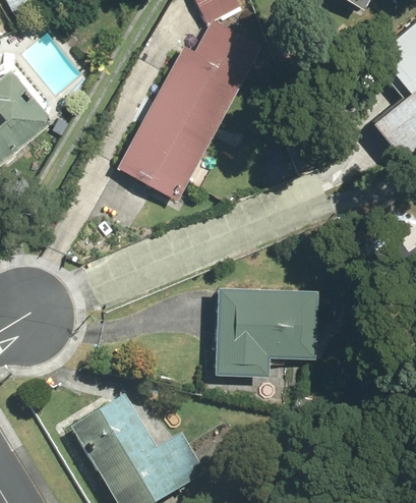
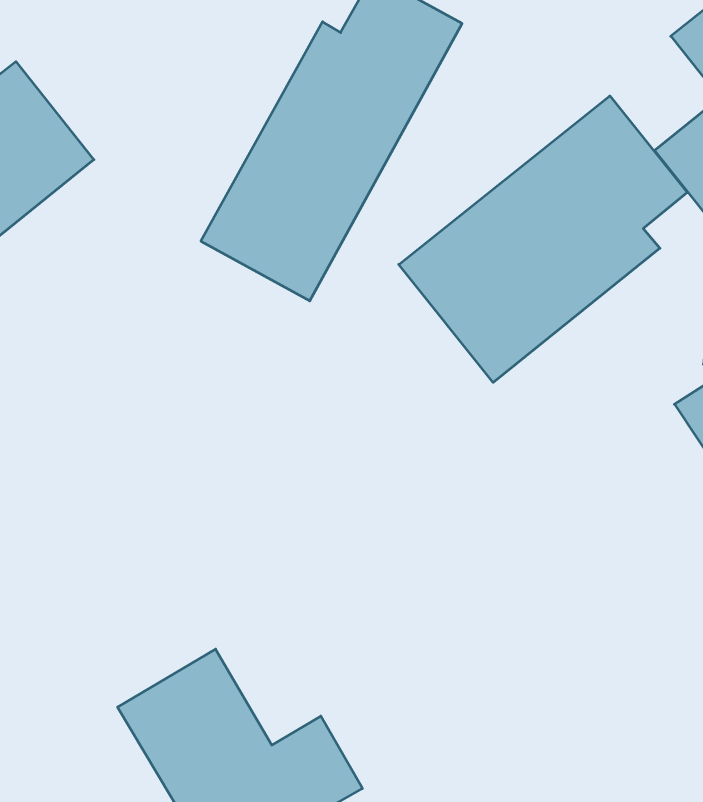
building: none -> [399,96,687,382]
building: [213,283,320,374] -> none

